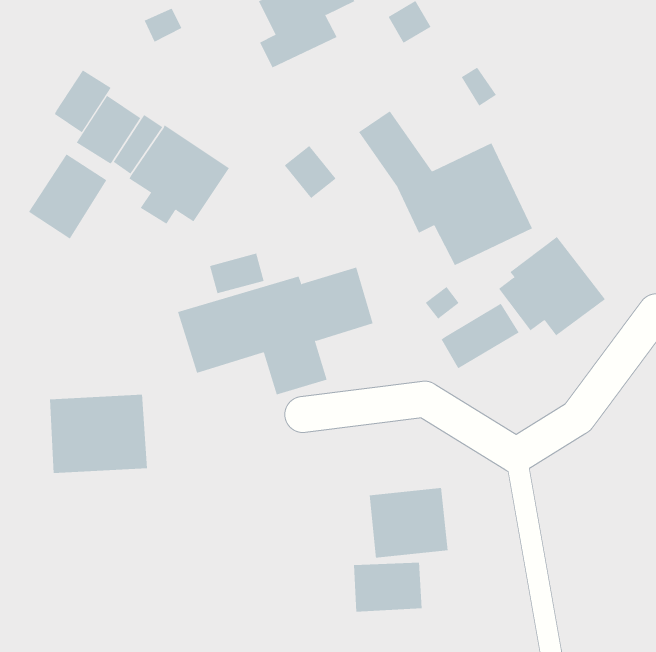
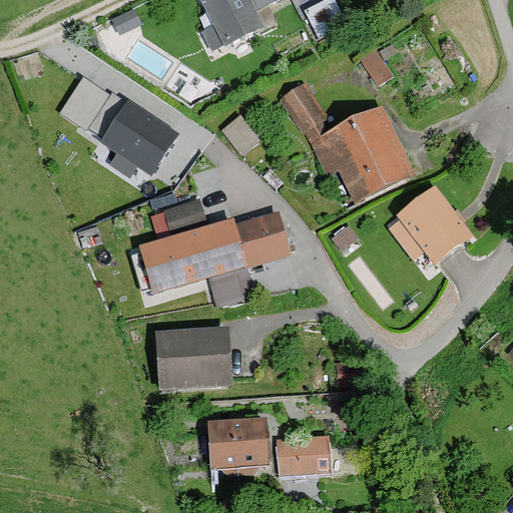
building: [54,70,111,133] -> none
building: [28,154,107,239] -> none
building: [441,303,519,369] -> none
building: [49,394,148,474] -> [155,324,232,386]
building: [369,487,448,558] -> [208,419,271,474]

